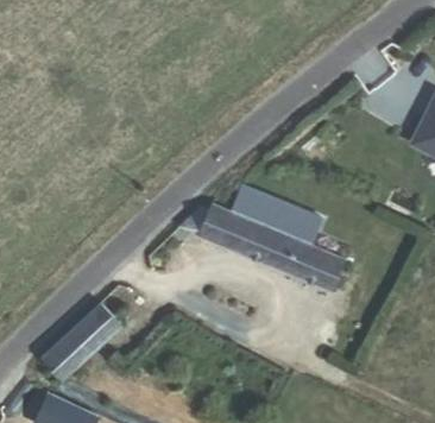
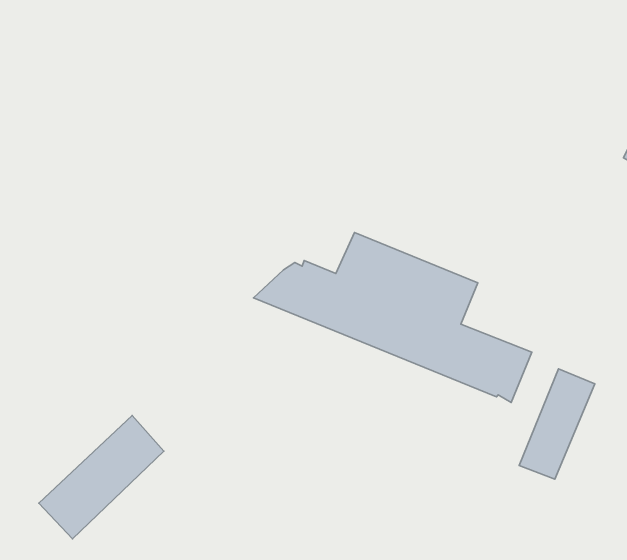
building: none -> [519,369,595,479]

